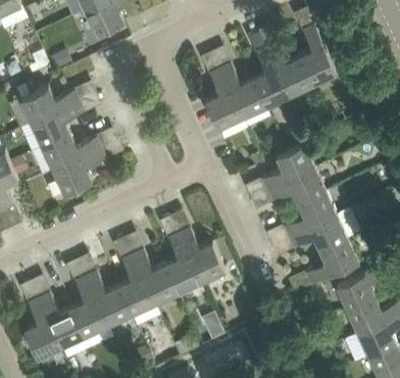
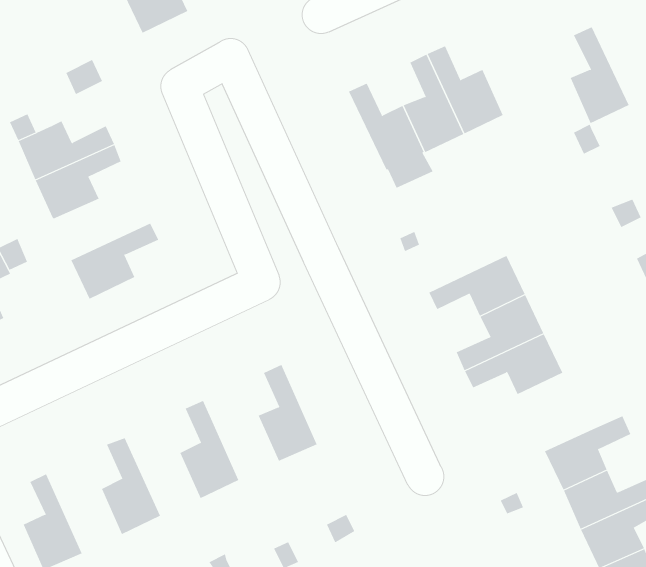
building: [299,27,335,85] -> [570,27,630,124]
building: [204,70,241,129] -> none
building: [42,135,100,172] -> none
building: [261,145,313,191] -> none
building: [179,229,223,282] -> none
building: [305,239,357,285] -> none
building: [132,250,177,303] -> none
building: [85,273,130,325] -> none
building: [38,294,83,347] -> none

